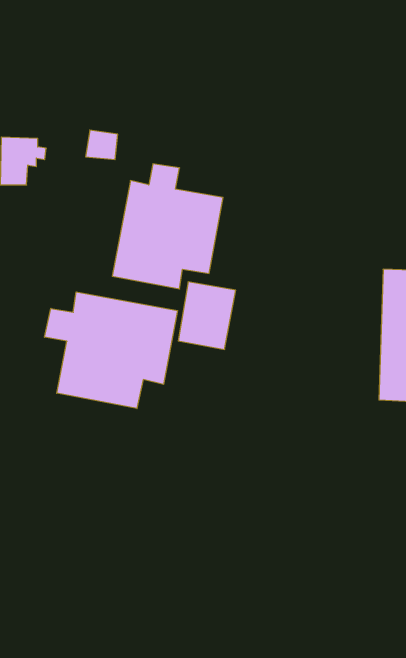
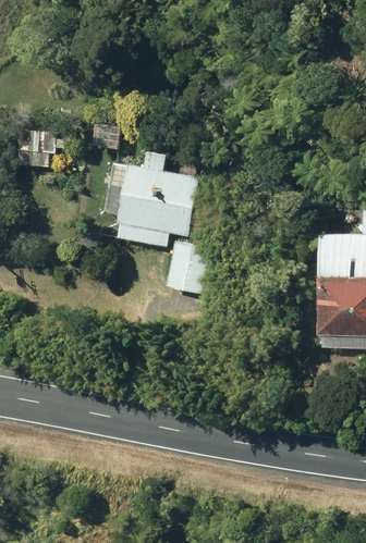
building: [45,292,177,409] -> none

